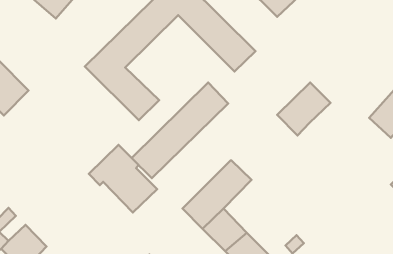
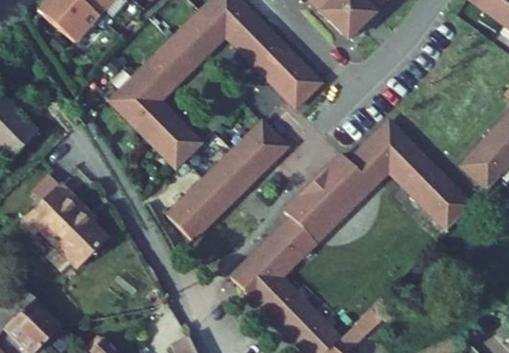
building: none -> [388,145,473,228]
building: none -> [284,153,373,241]
building: [89,145,157,212] -> [23,183,108,267]

